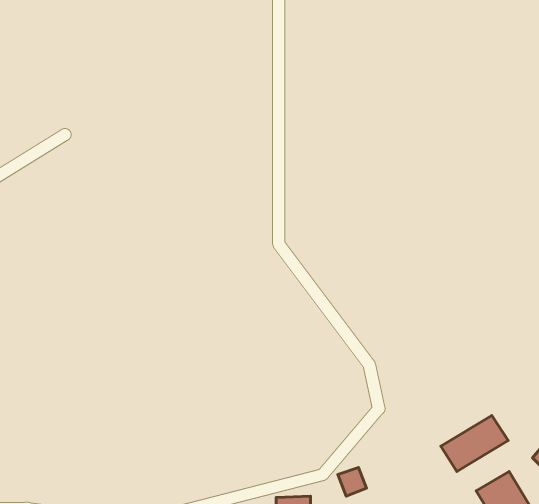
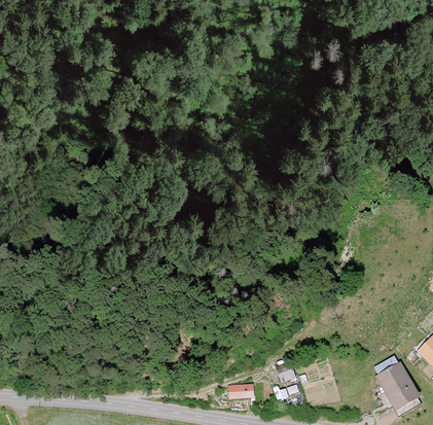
building: [441,415,508,471] -> none

